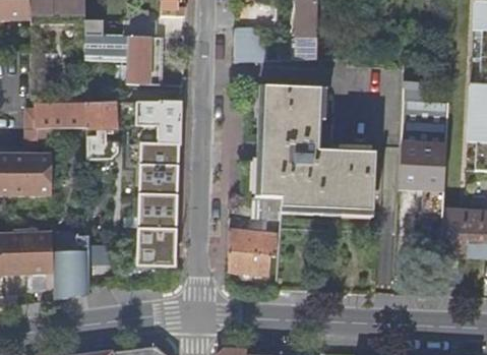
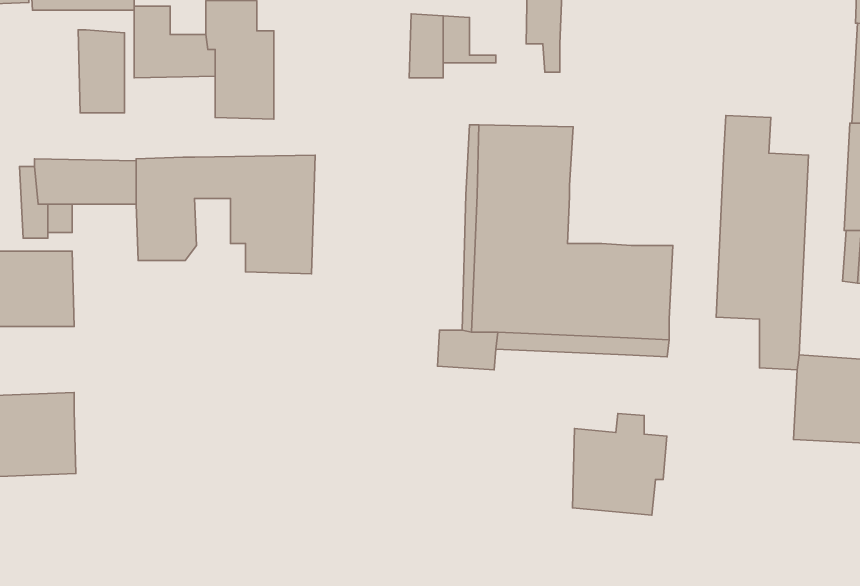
building: none -> [78,30,125,113]
building: [142,165,180,271] -> none
building: [227,220,278,275] -> [573,414,667,515]
building: [52,224,88,298] -> none

